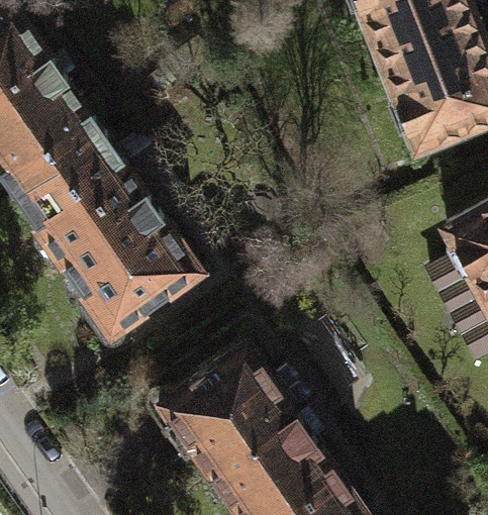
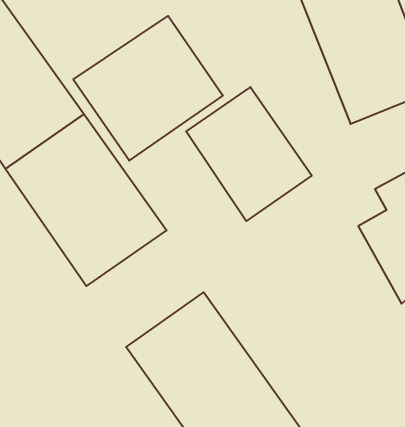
building: none -> [73,16,223,161]
building: none -> [186,87,312,221]

